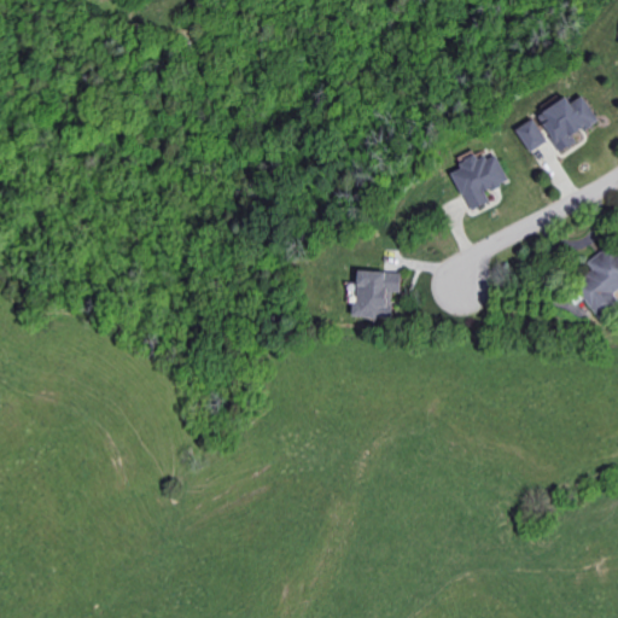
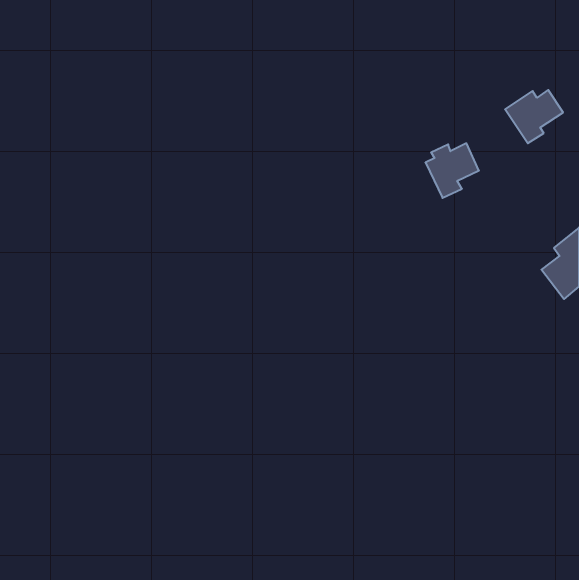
building: [515,118,547,152] -> none
building: [354,270,400,319] -> none

